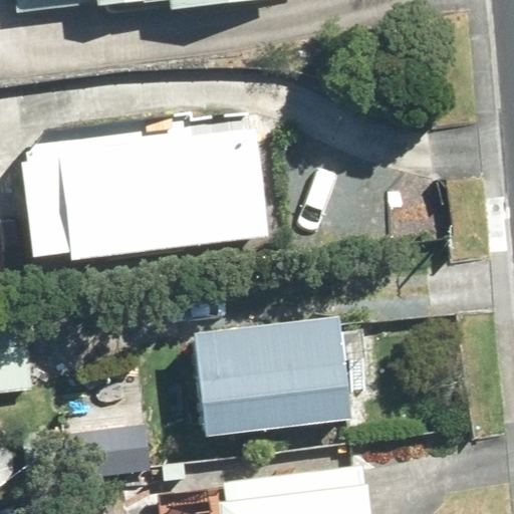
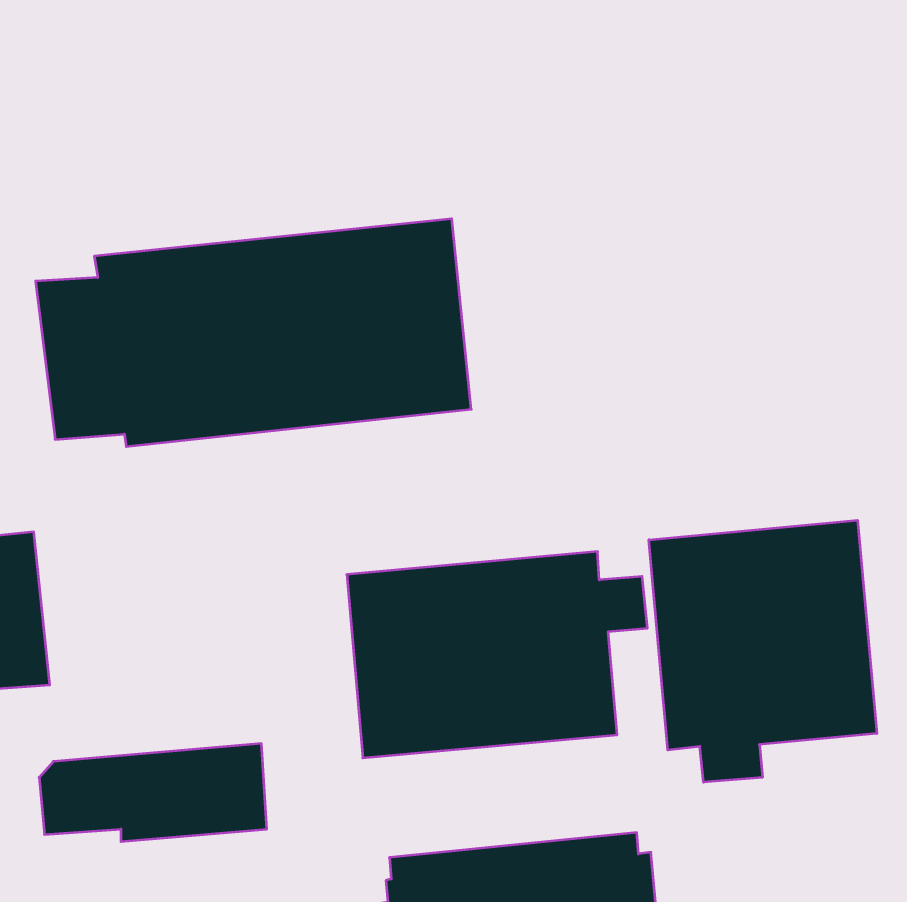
building: none -> [649,520,877,782]

